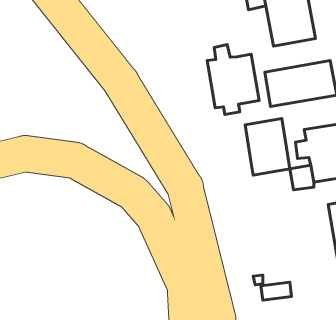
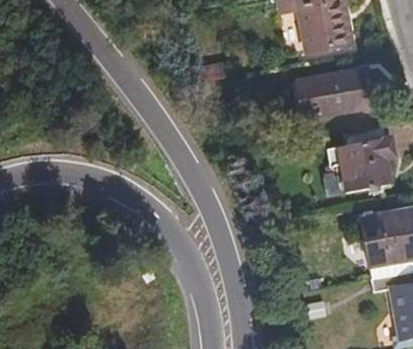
building: [207,44,259,114] -> none
building: [245,119,290,175] -> none

